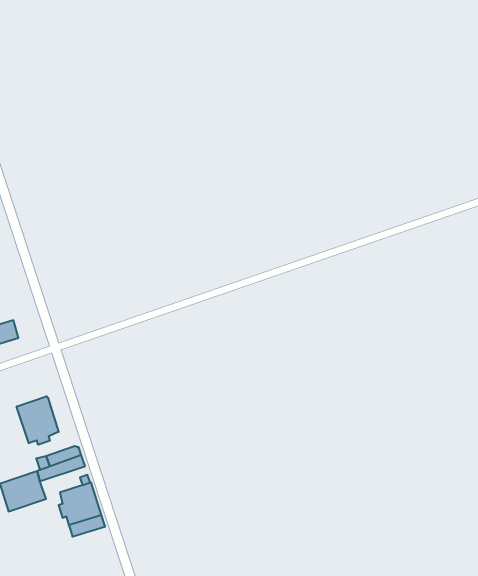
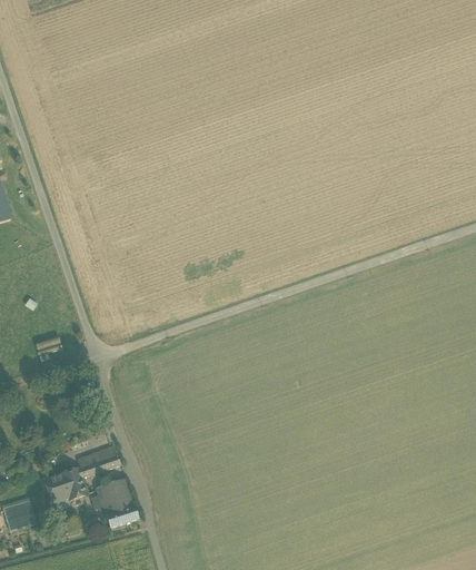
building: [17,396,59,445] -> none

